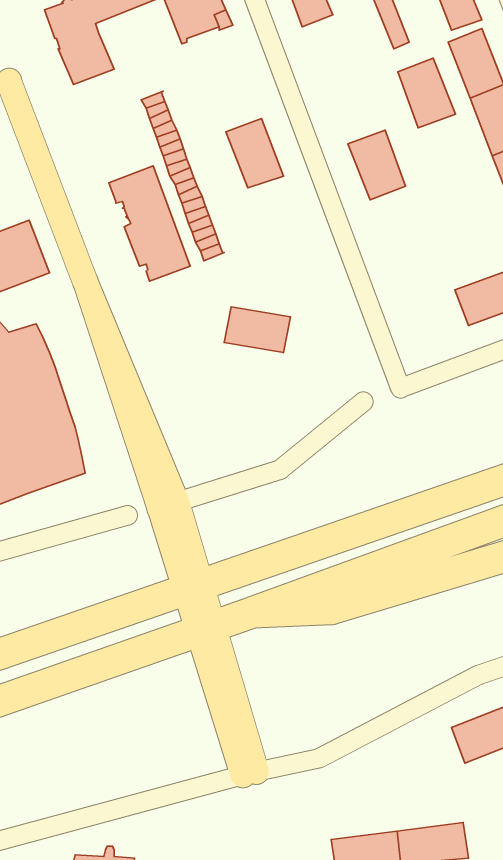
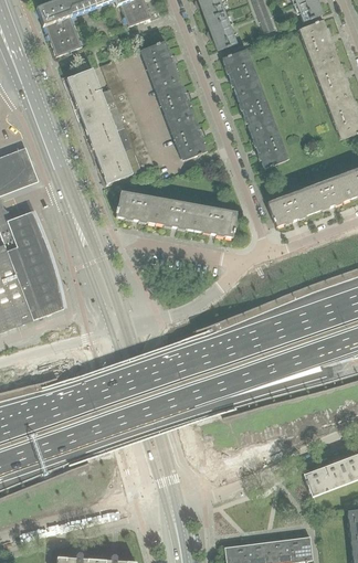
building: none -> [206,10,238,50]
building: [398,58,455,128] -> [222,49,260,94]
building: none -> [143,41,179,86]
building: none -> [63,67,108,119]
building: none -> [170,115,207,160]
building: none -> [250,121,287,168]
building: none -> [268,189,314,225]
building: none -> [116,192,159,223]
building: none -> [193,206,236,236]

